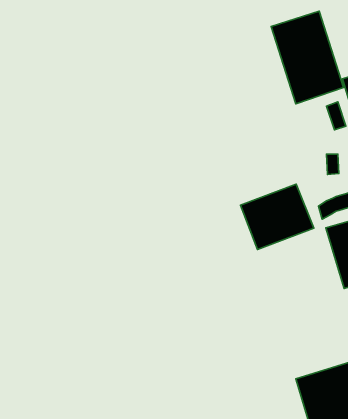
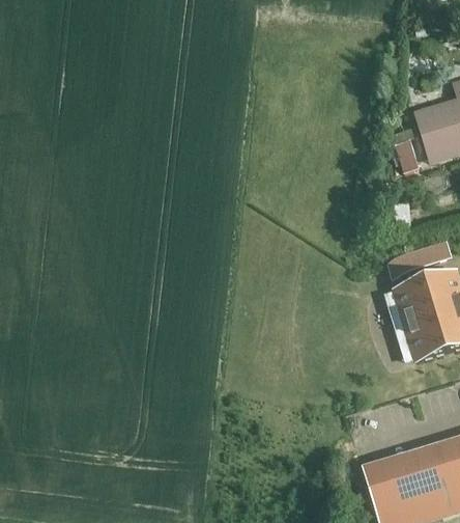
building: [271,11,343,104] -> none
building: [241,184,314,250] -> none

